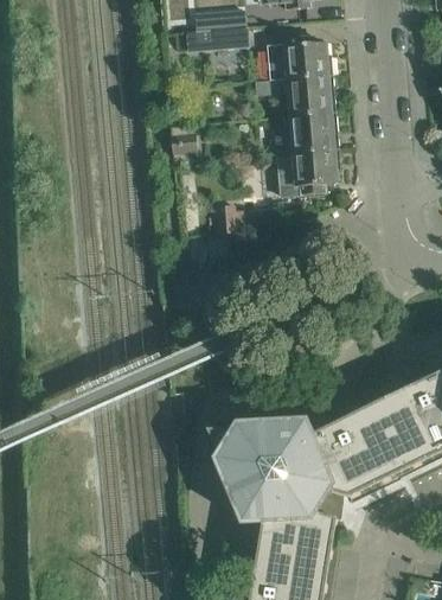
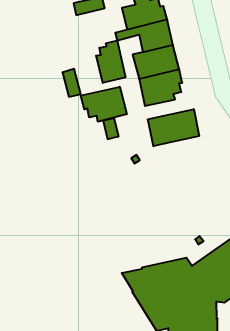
building: none -> [96,41,125,83]
building: none -> [81,87,127,122]
building: none -> [148,109,199,146]

